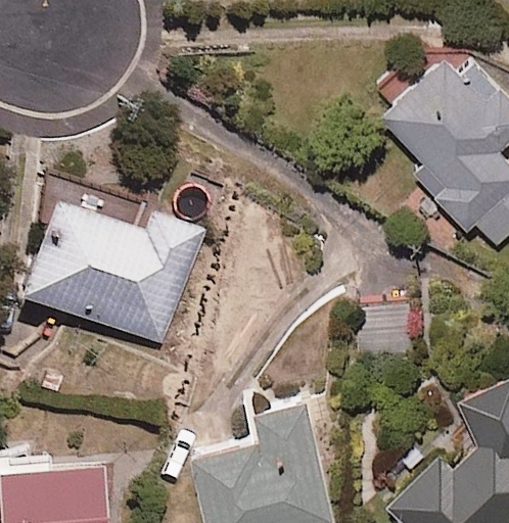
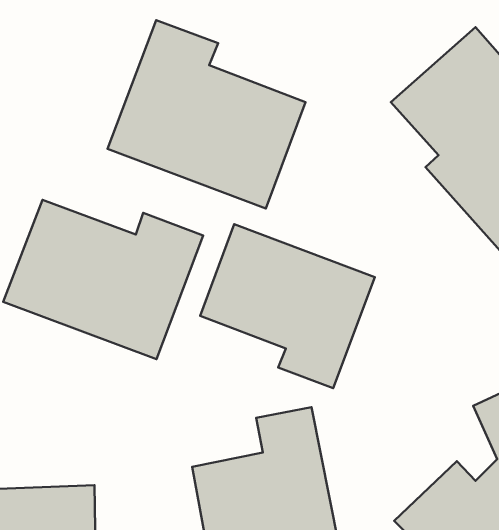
building: none -> [108,20,306,209]
building: none -> [200,224,375,388]

